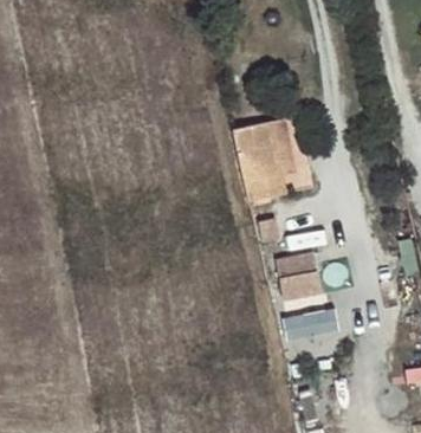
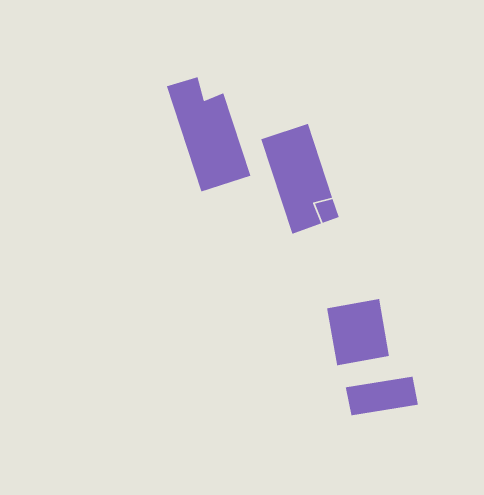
building: none -> [166,76,251,193]

